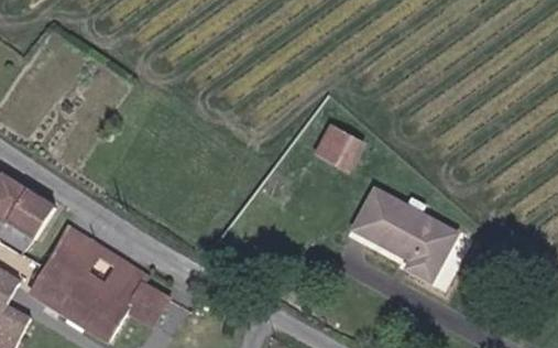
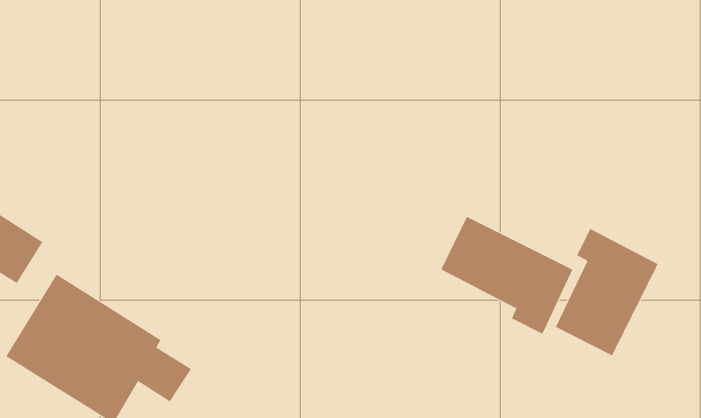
building: [310,121,358,168] -> none
building: none -> [555,228,658,356]

